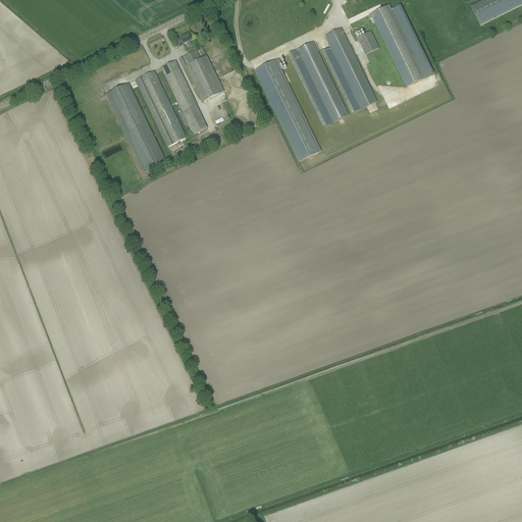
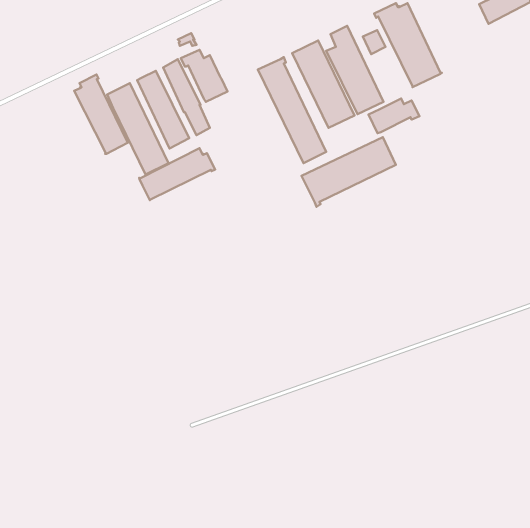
building: none -> [74,75,128,154]
building: none -> [368,99,420,133]
building: none -> [301,137,396,207]
building: none -> [139,148,215,200]

